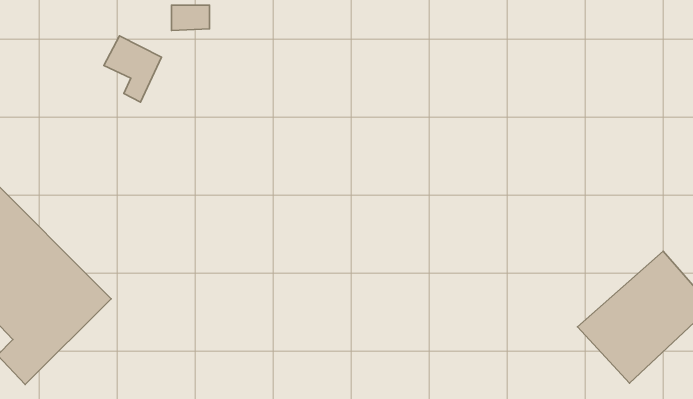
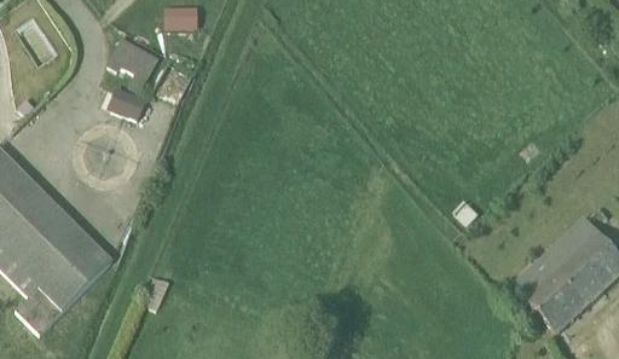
building: none -> [105,86,145,120]

